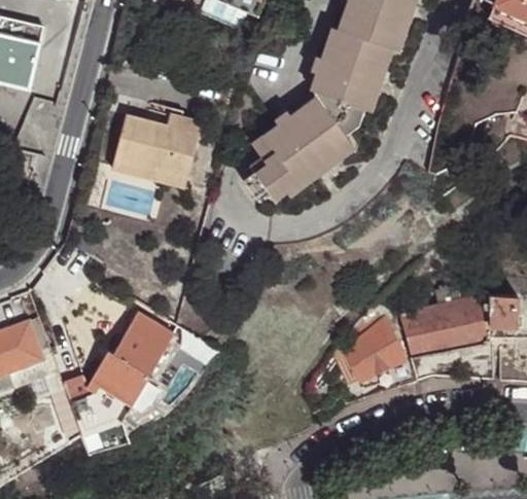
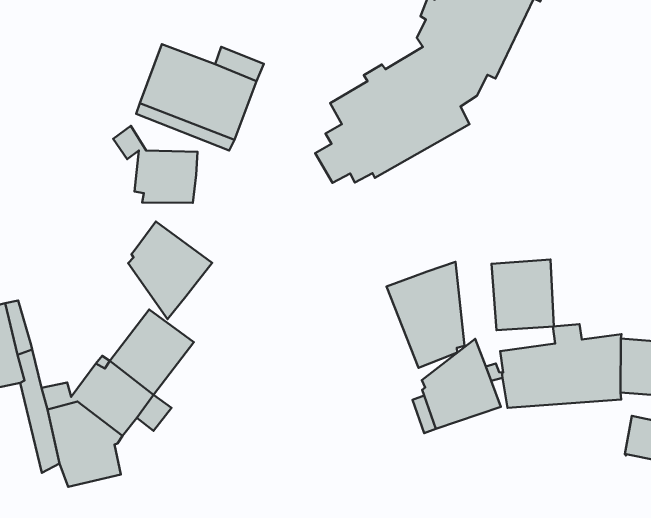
building: none -> [113,126,198,203]
building: none -> [491,260,554,330]
building: none -> [128,222,212,319]
building: none -> [386,262,465,368]

